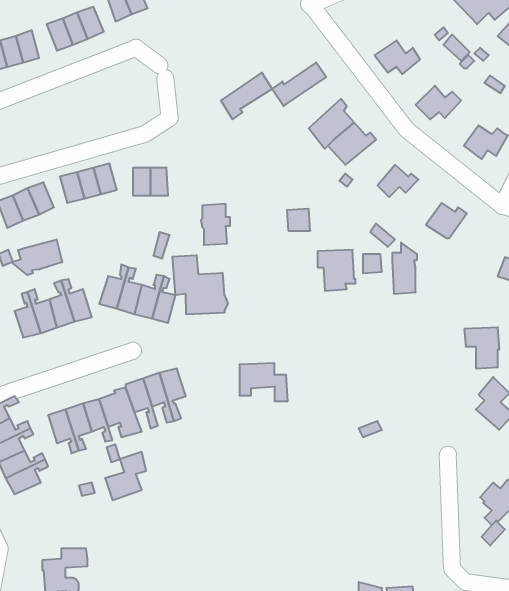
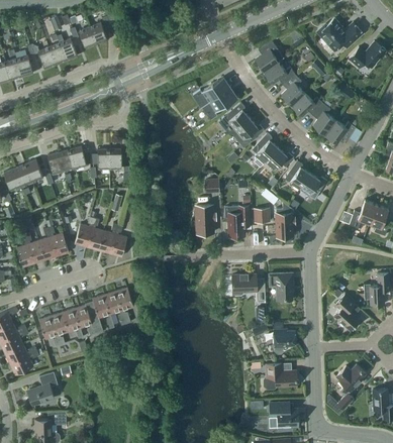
building: none -> [255,41,284,72]
building: none -> [281,75,305,106]
building: [221,73,272,119] -> [202,87,237,119]
building: none -> [312,103,335,134]
building: none -> [252,133,278,167]
building: none -> [284,160,310,189]
building: [201,204,230,245] -> [195,205,215,233]
building: [11,239,62,275] -> none
building: [172,255,228,314] -> none
building: [464,327,499,368] -> [269,272,293,301]
building: [239,363,288,401] -> [232,274,266,301]
building: none -> [274,329,295,354]
building: [105,452,146,500] -> [28,371,57,405]
building: none -> [263,363,297,390]
building: none -> [270,403,298,426]

